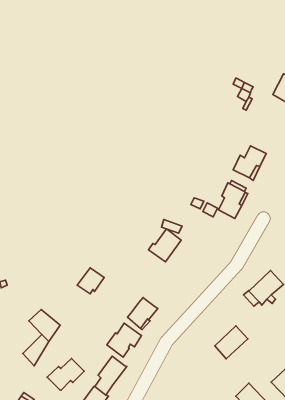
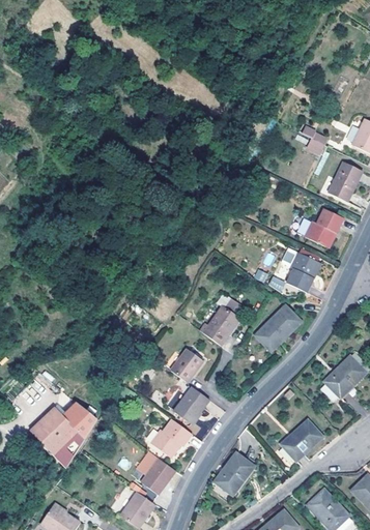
building: none -> [326,164,361,200]
building: none -> [254,305,298,350]
building: [77,268,104,294] -> [172,350,204,381]
building: none -> [30,409,75,454]
building: none -> [215,454,253,496]
building: [47,358,84,390] -> none

